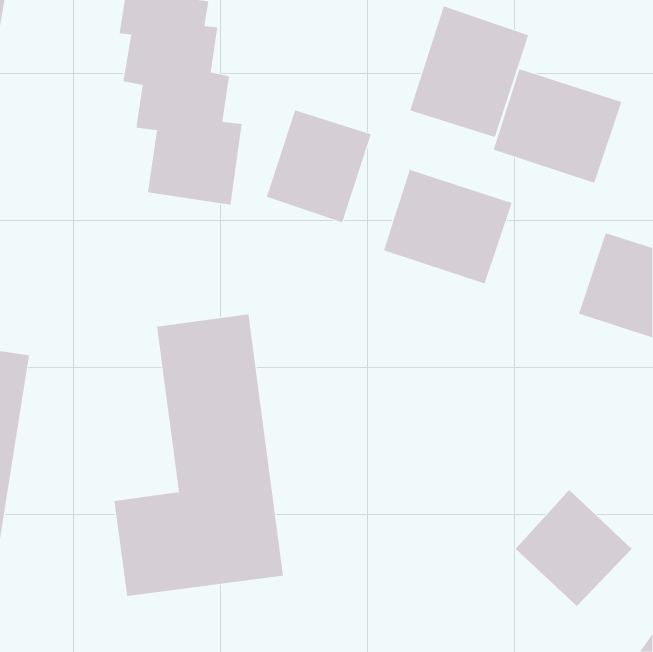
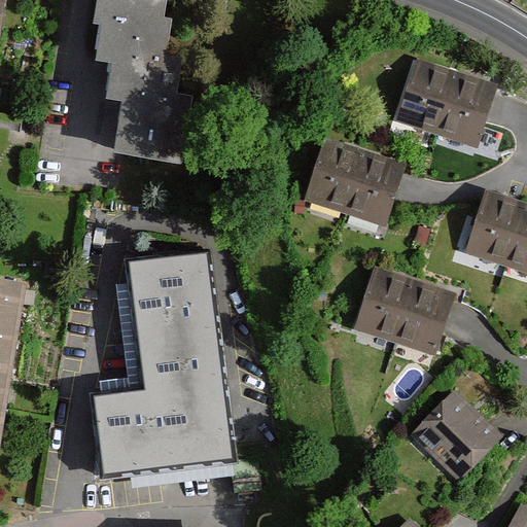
building: [409,6,529,138] -> none
building: [266,110,372,223] -> none
building: none -> [350,264,453,355]

